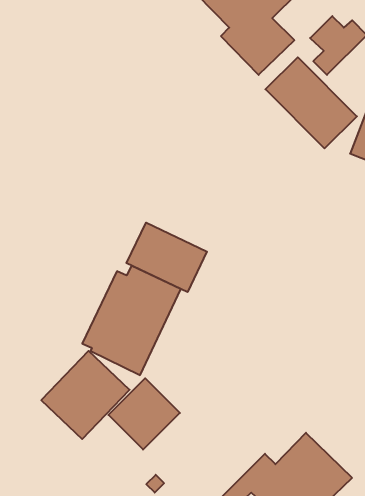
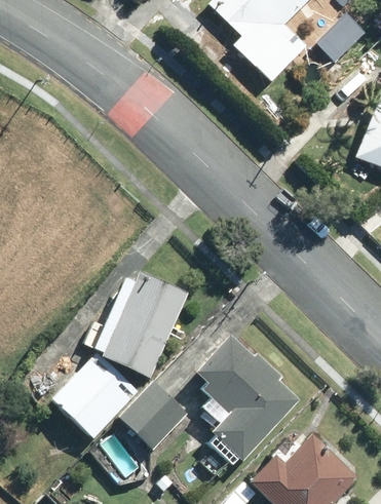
building: [265,57,357,148] -> none
building: [126,223,207,292] -> none
building: none -> [195,336,301,464]

